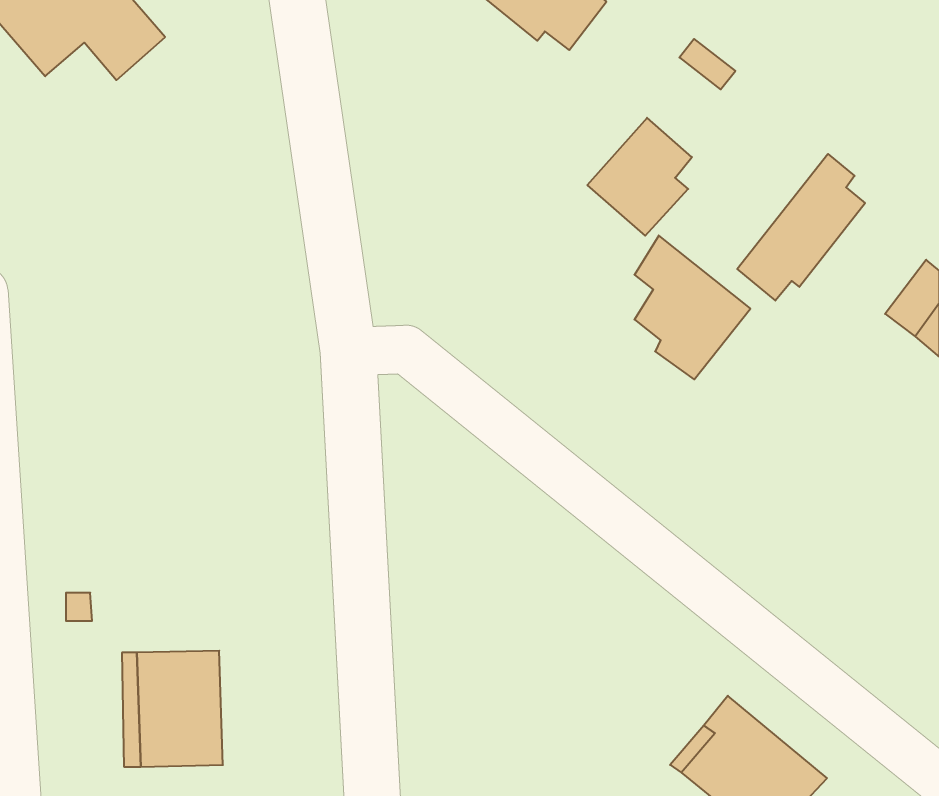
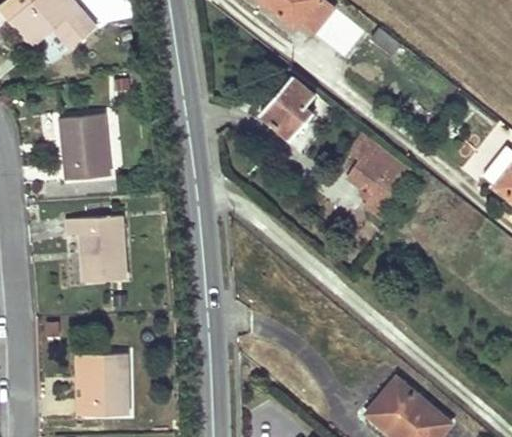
building: [587,118,692,236] -> [260,76,316,139]
building: [737,154,865,301] -> none
building: none -> [60,114,110,181]
building: none -> [64,217,126,283]

